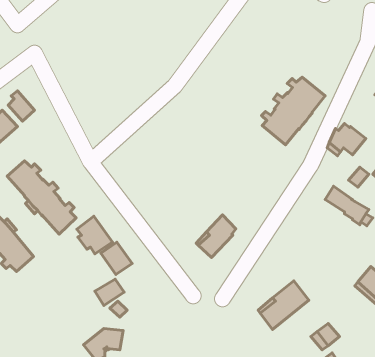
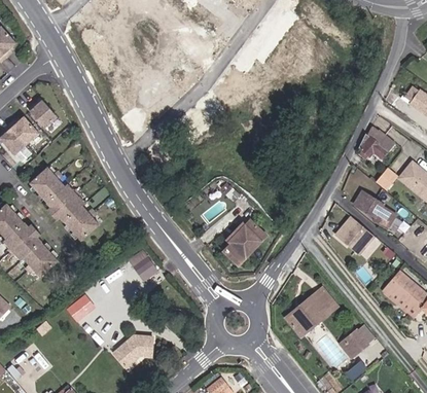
building: [261,77,325,145] -> none
building: none -> [334,215,375,254]
building: [77,216,112,254] -> none
building: [95,279,124,305] -> [66,293,96,320]

